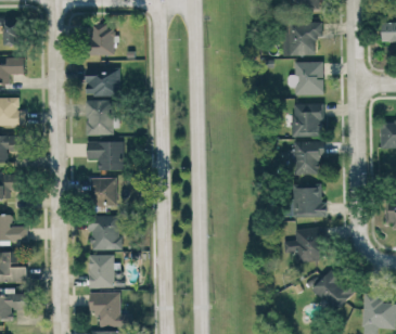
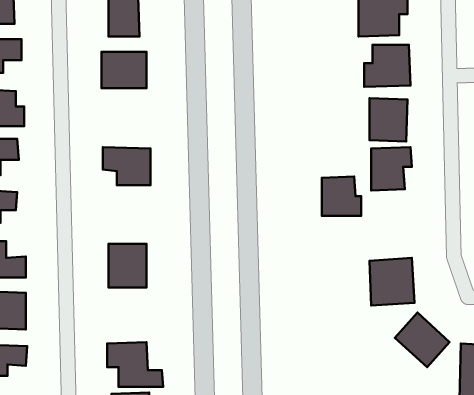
building: [85,100,116,134] -> none
building: [91,178,116,206] -> none
building: [295,187,325,217] -> [322,176,361,216]
building: [88,254,114,287] -> none

